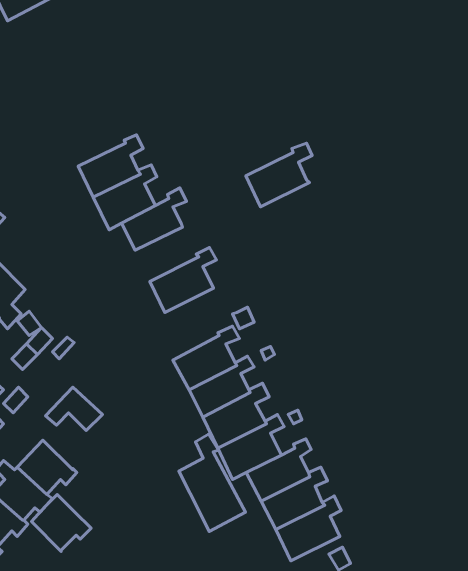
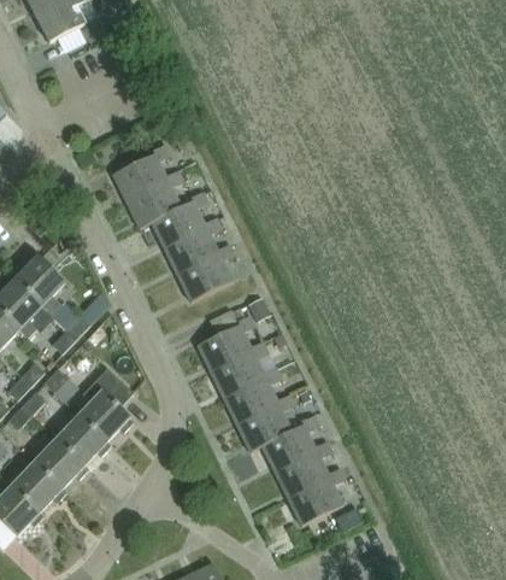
building: [246,143,312,207] -> [163,218,222,275]
building: [179,434,246,532] -> none
building: [32,494,91,551] -> [81,392,134,443]

